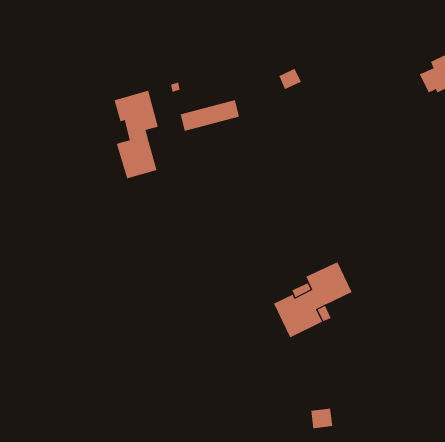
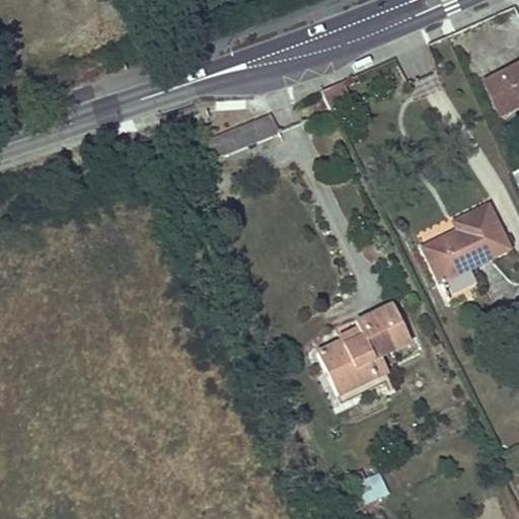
building: [114,90,158,179] -> none
building: none -> [424,205,507,279]

